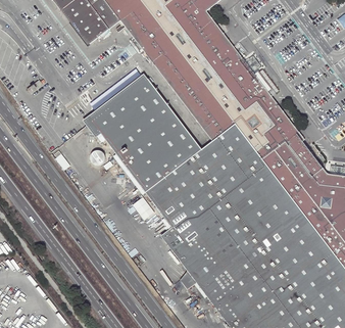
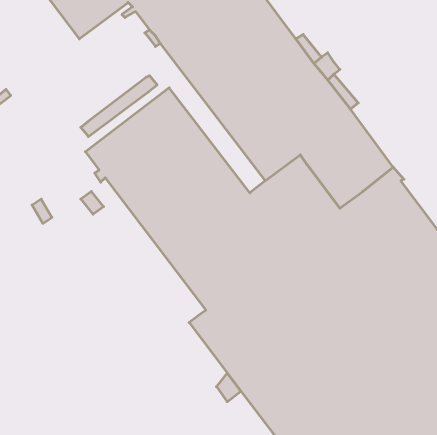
building: [82,74,147,137] -> none

